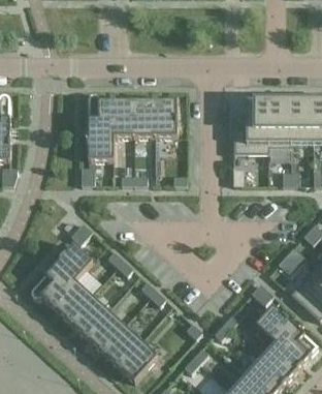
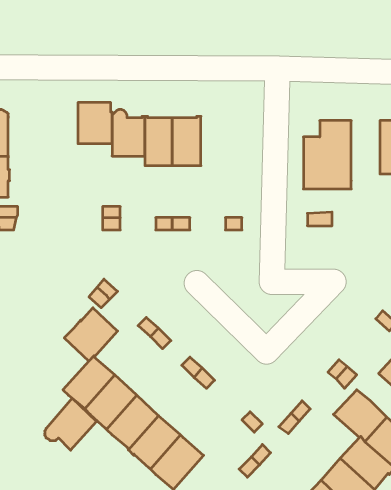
building: [154,97,176,134] -> none
building: [267,100,289,146] -> none
building: [87,127,112,158] -> [78,103,112,144]
building: [30,265,69,304] -> [45,398,97,450]

